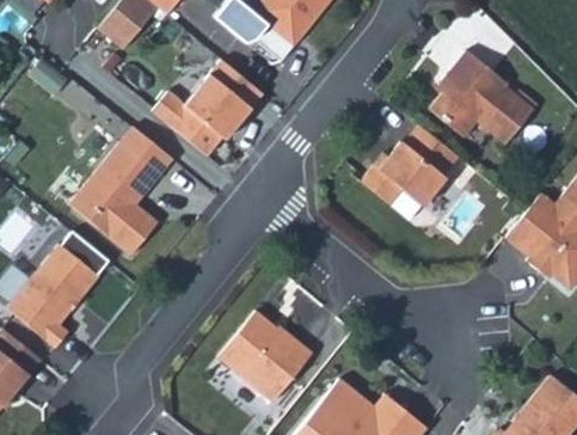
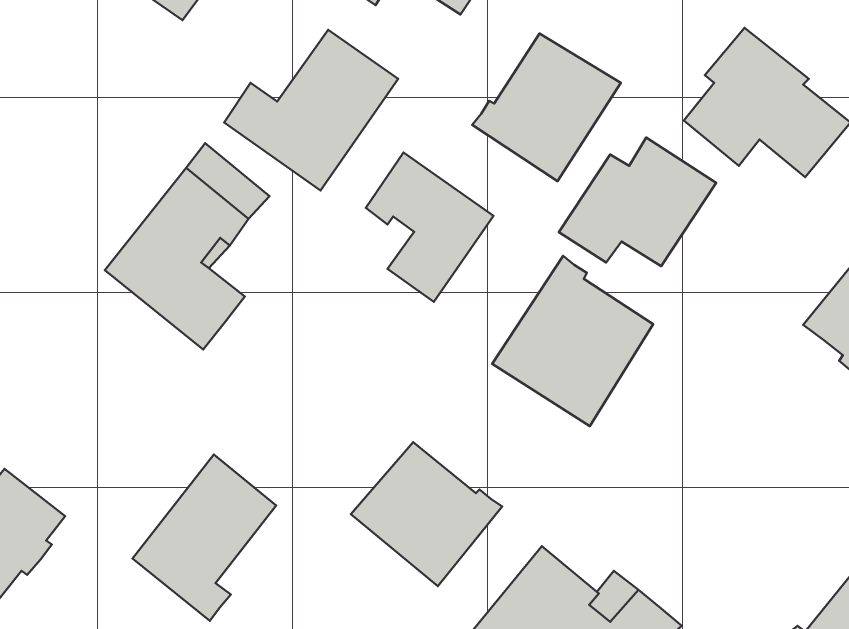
building: none -> [472,33,621,181]
building: none -> [366,153,494,302]
building: none -> [492,256,653,426]
building: [10,245,100,350] -> [132,454,276,621]

